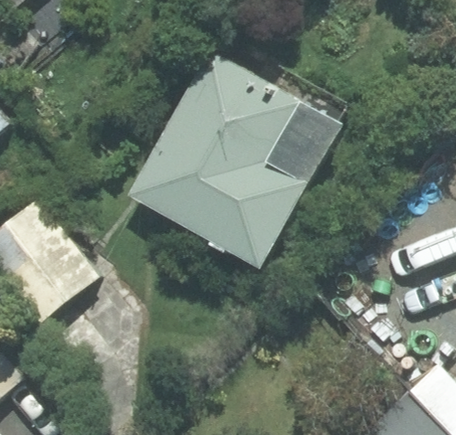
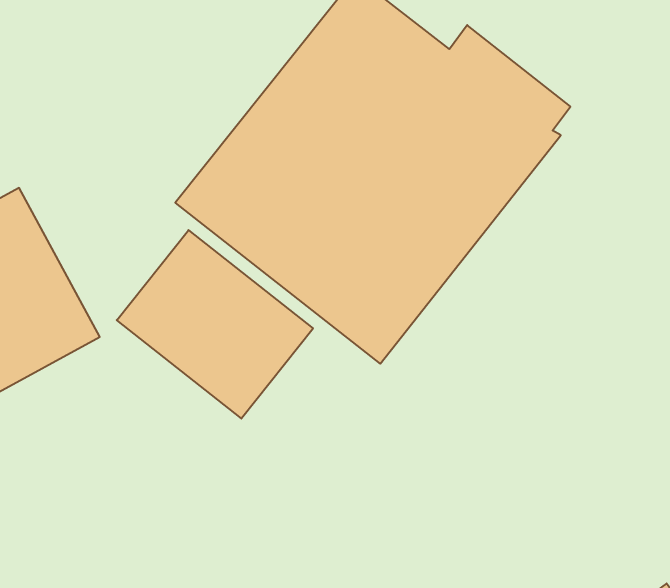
building: none -> [117,230,313,419]

